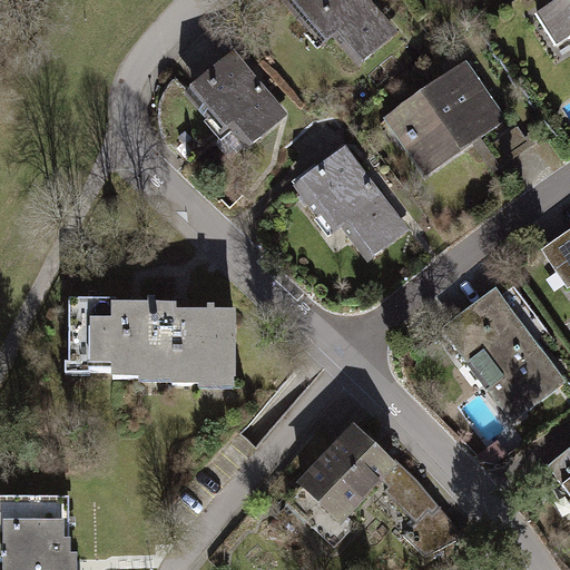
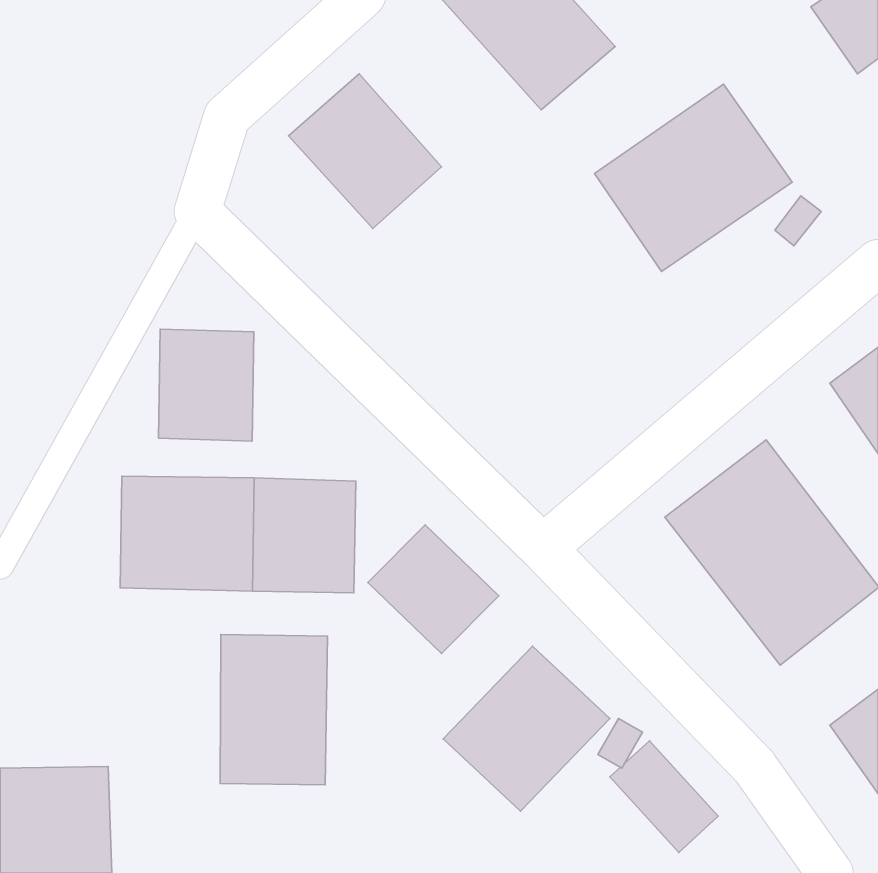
building: [291,135,416,266] -> none
building: none -> [158,329,254,441]
building: none -> [368,525,499,653]
building: none -> [220,635,328,785]

